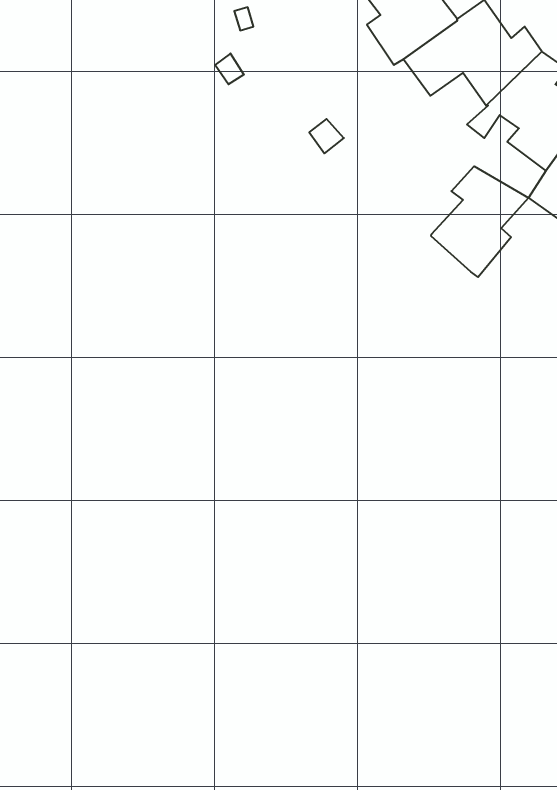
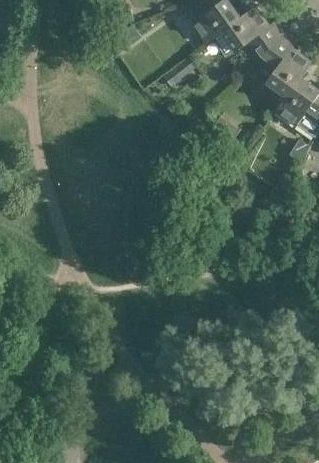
building: [431,166,528,277] -> none

